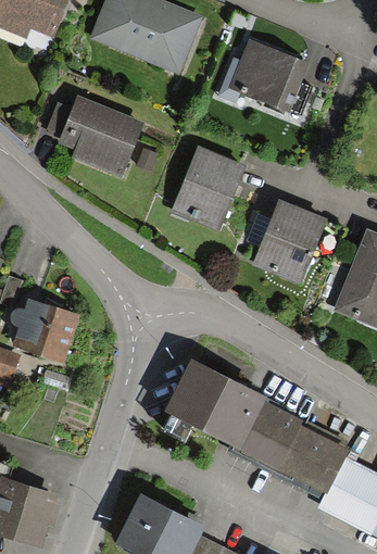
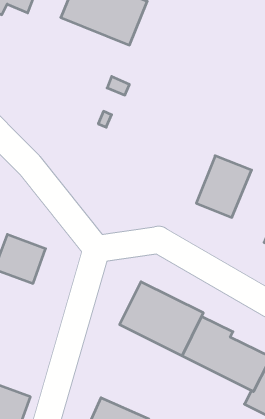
building: [234,42,304,110] -> none
building: [49,99,139,173] -> none
building: [176,151,240,228] -> none

